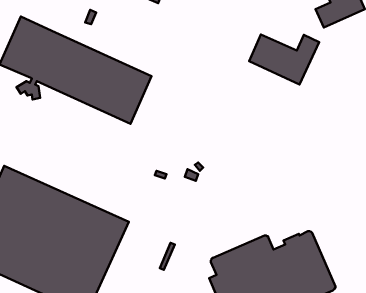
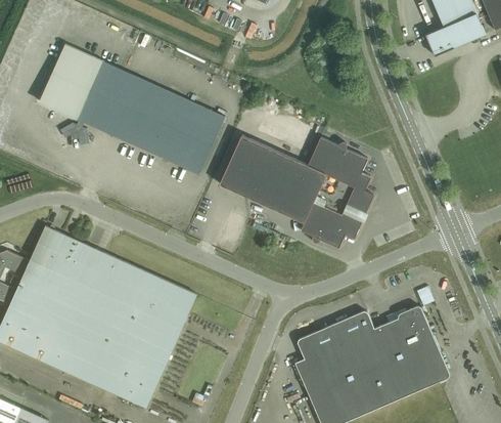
building: [249,35,319,84] -> none
building: none -> [220,135,374,248]

